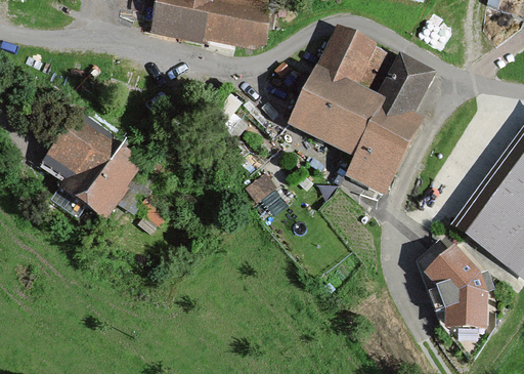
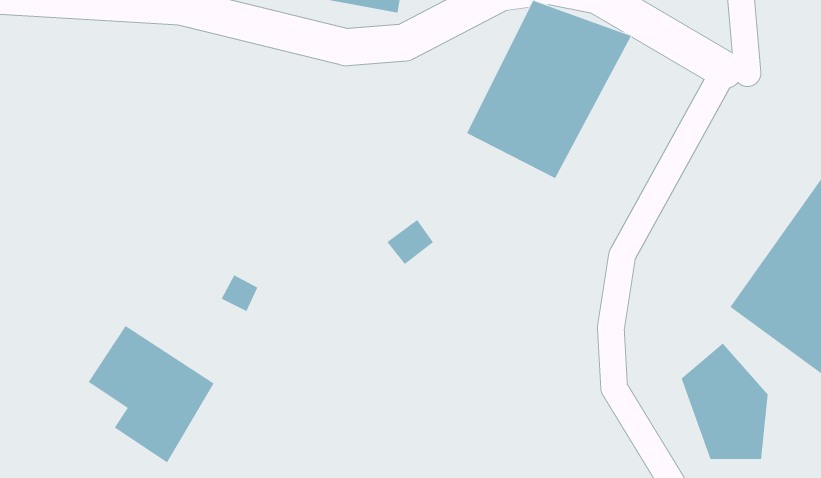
building: [353,58,429,184] -> none
building: [52,128,132,215] -> [88,325,215,463]

